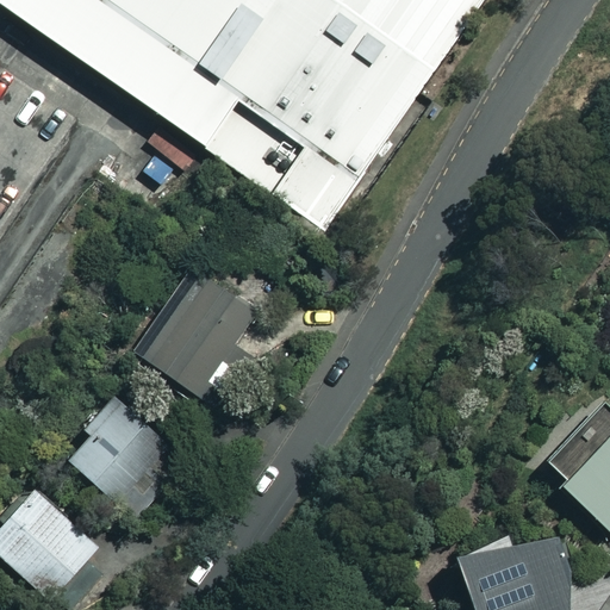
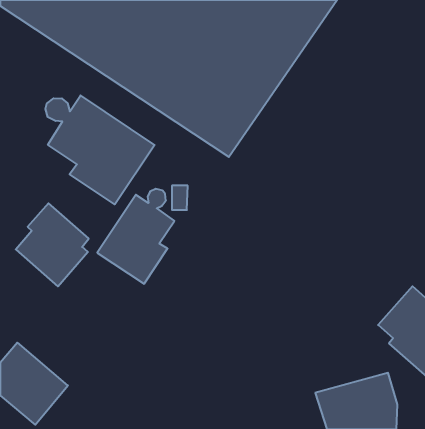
building: none -> [45,95,155,204]
building: [66,396,169,513] -> [16,203,89,286]

